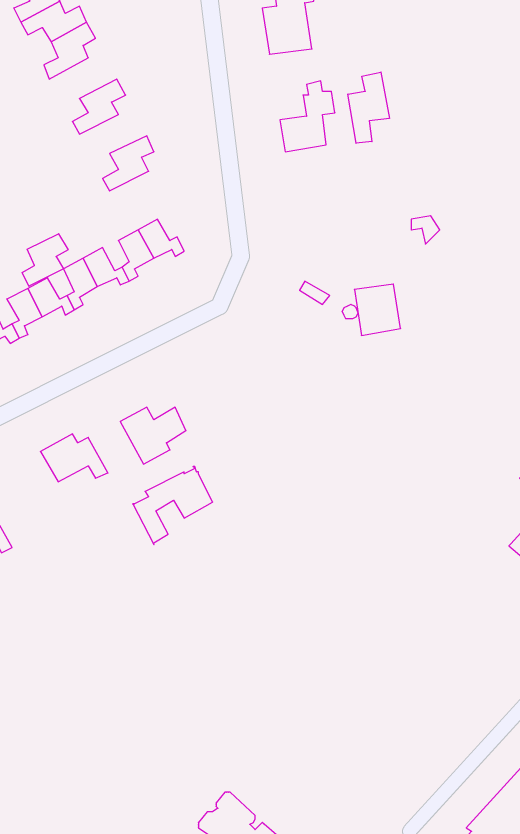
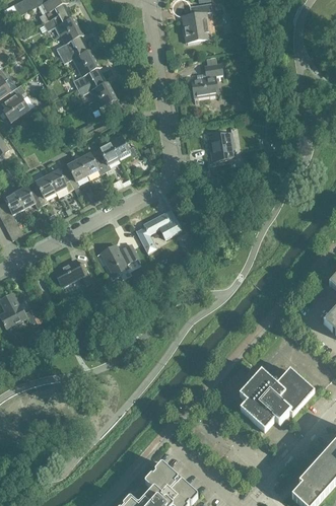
building: none -> [59,44,97,67]
building: [348,72,389,143] -> none
building: none -> [76,76,115,98]
building: [22,234,68,286] -> none
building: [354,284,401,335] -> [208,132,234,161]
building: [133,467,213,545] -> [135,209,181,254]
building: none -> [240,371,313,431]

